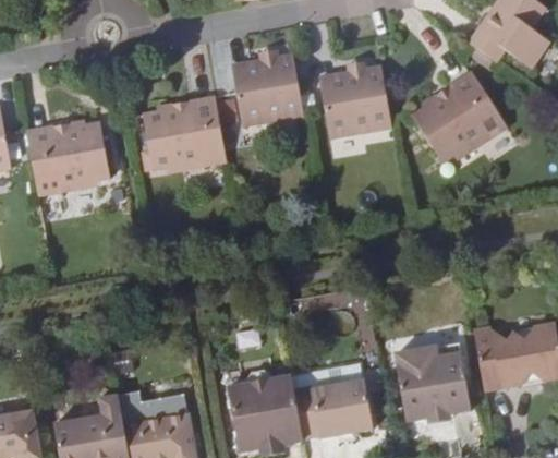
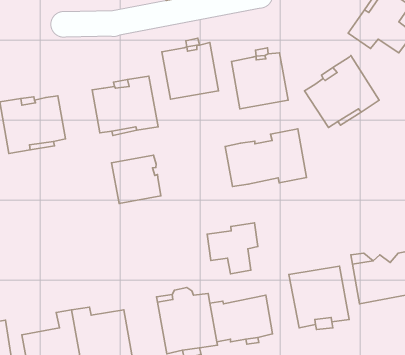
building: none -> [225,129,306,187]
building: none -> [112,155,161,203]
building: none -> [207,223,258,274]

